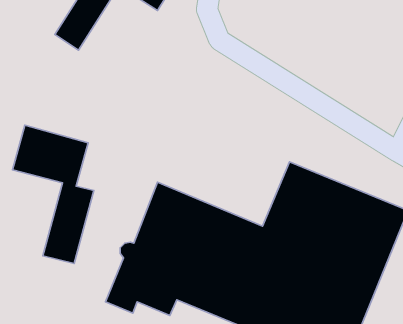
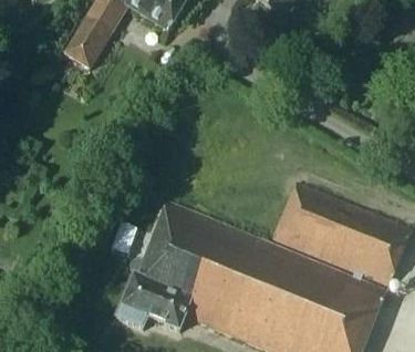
building: [13,125,94,264] -> none

